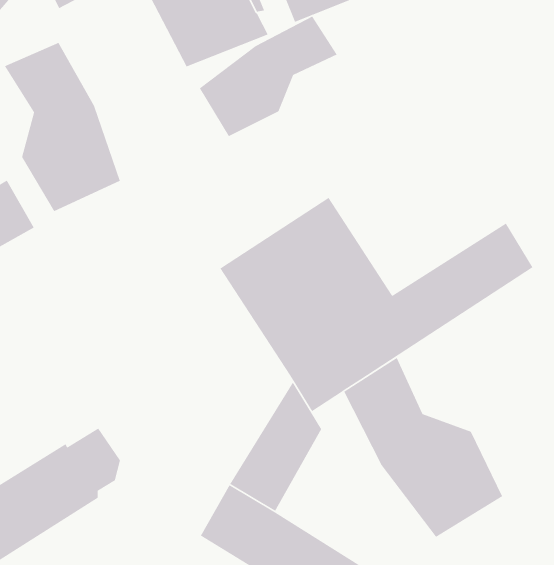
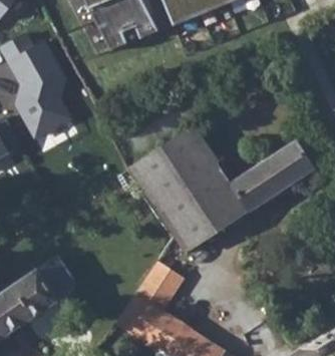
building: [199,16,338,137] -> none
building: [343,357,503,538] -> none

